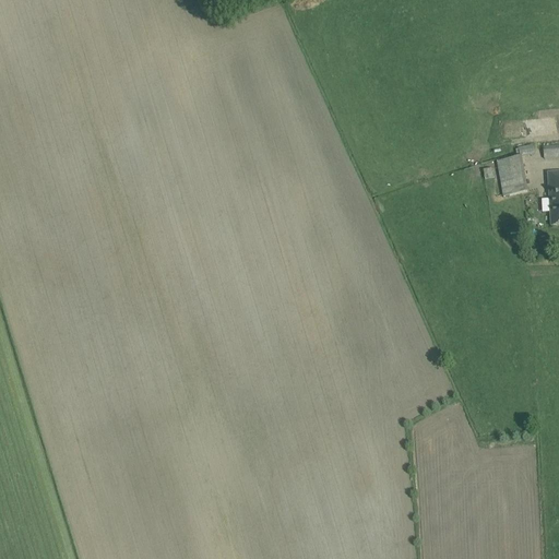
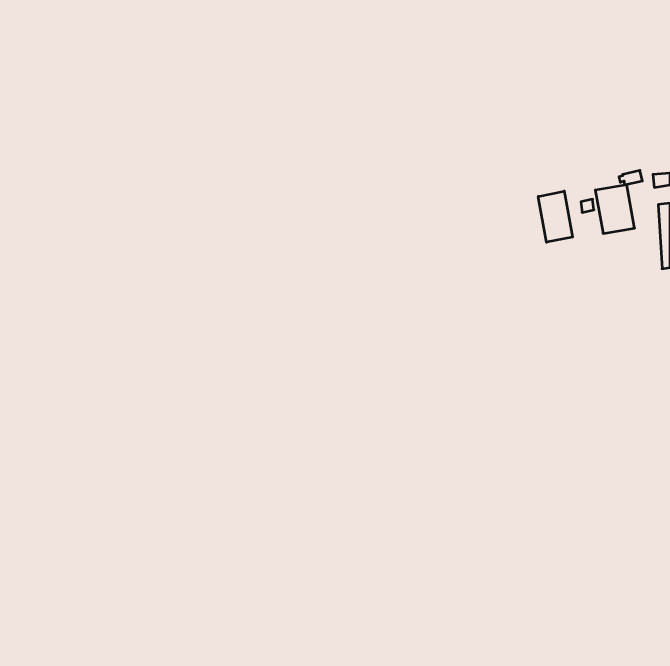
building: none -> [538,191,573,242]

